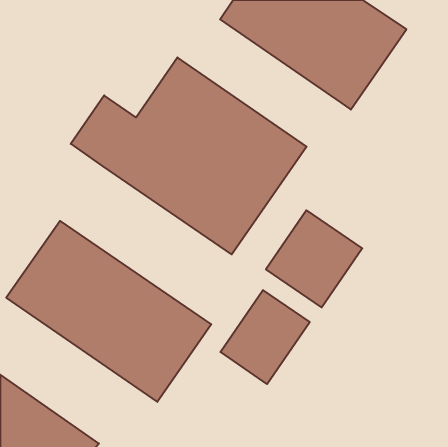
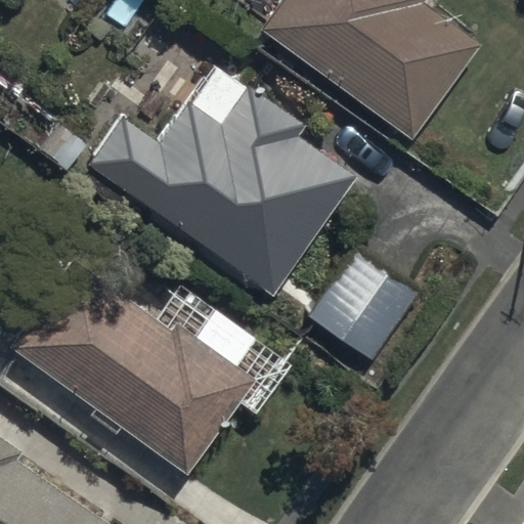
building: [220,290,310,384] -> none

